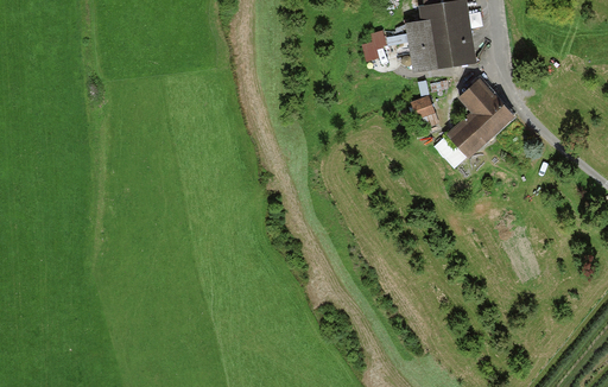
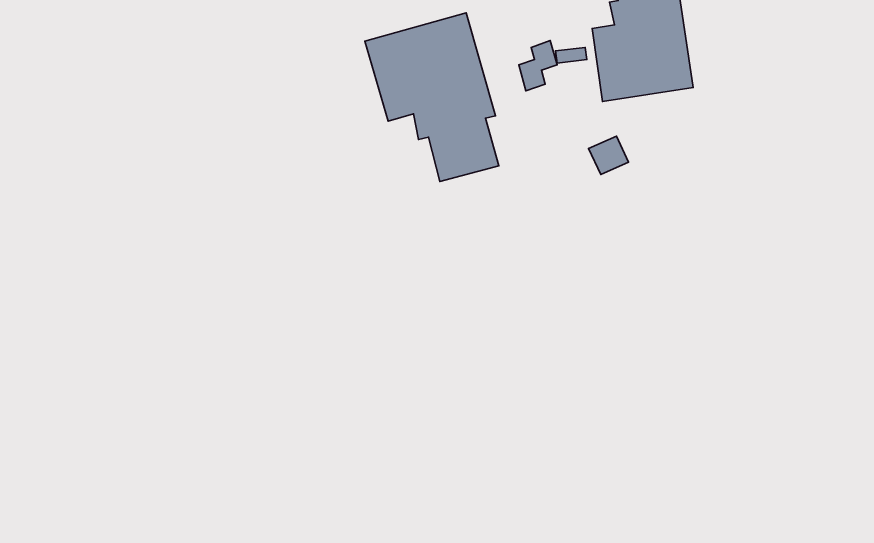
building: none -> [365,13,499,182]
building: [450,80,513,154] -> none

